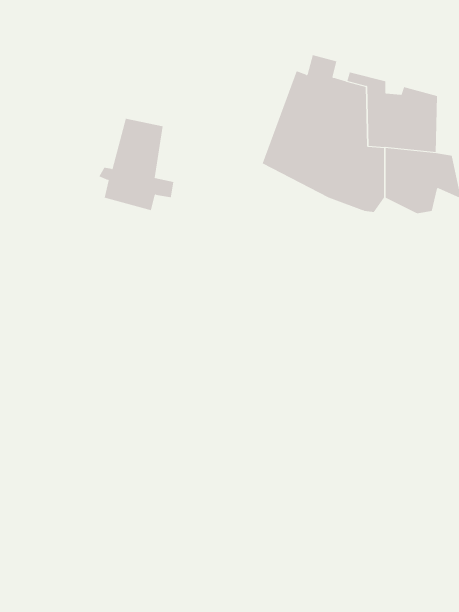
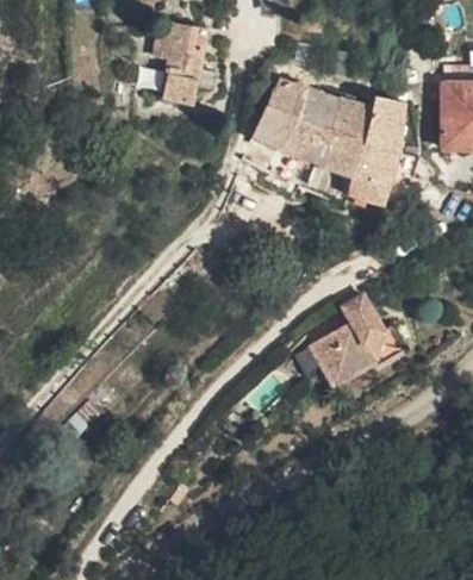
building: [99,118,174,211] -> [144,23,212,106]
building: none -> [311,297,405,388]

